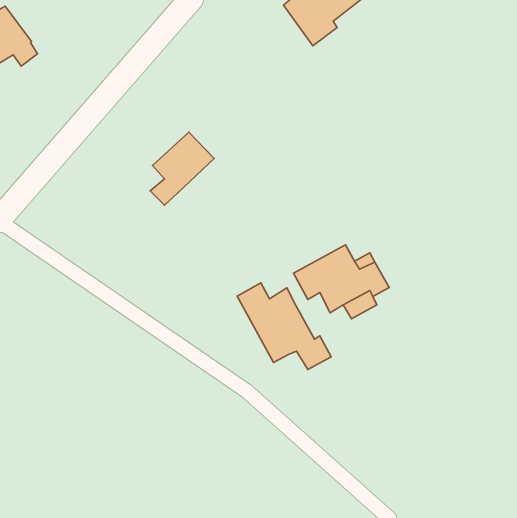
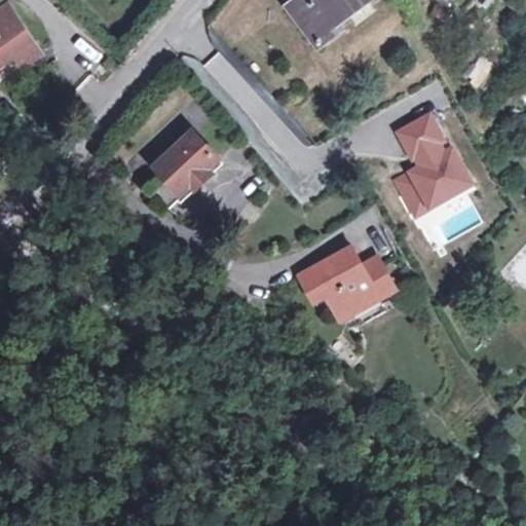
building: none -> [397,112,467,210]
building: [237,283,331,369] -> none

